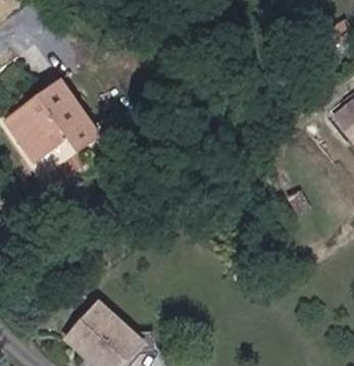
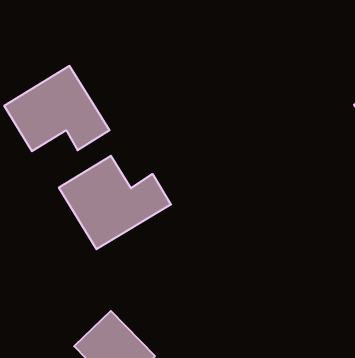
building: none -> [59,156,171,249]

